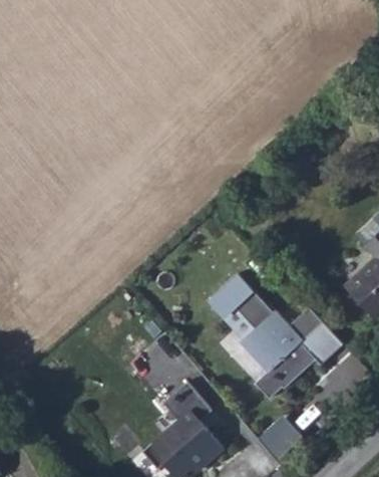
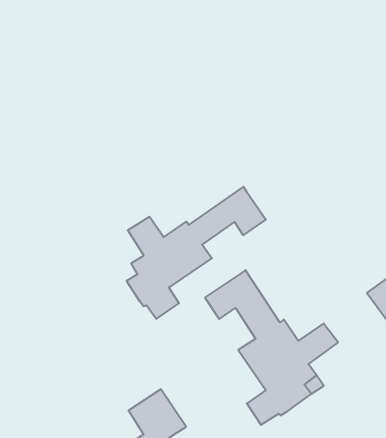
building: none -> [127,187,266,319]

